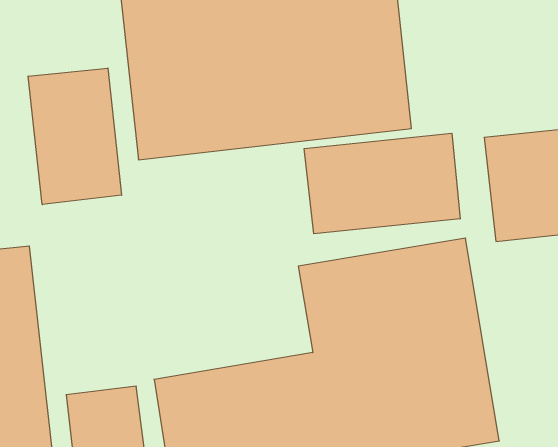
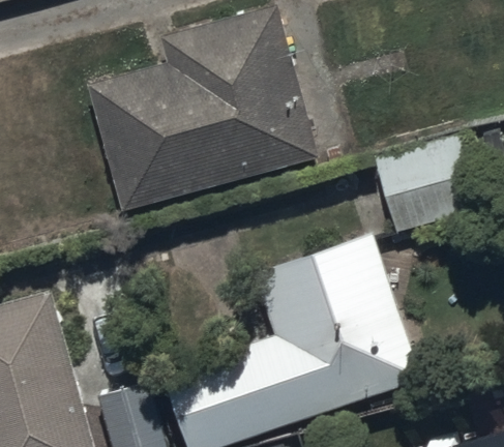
building: [28,68,122,205] -> none
building: [304,133,460,234] -> none

